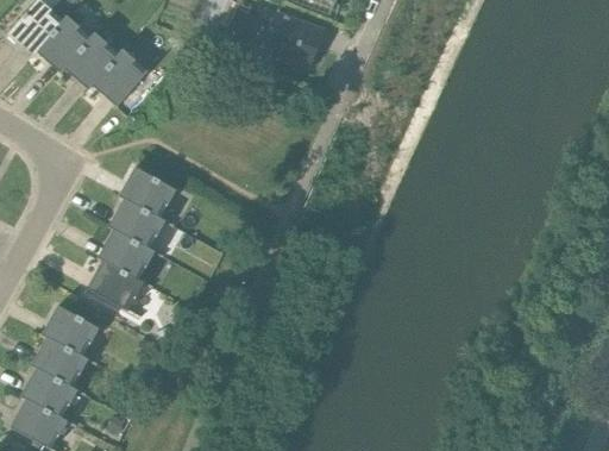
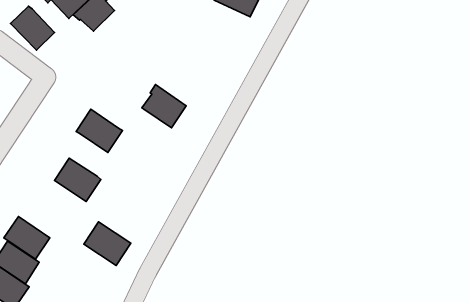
building: none -> [10,6,55,50]
building: [123,167,176,218] -> [142,85,186,128]
building: [99,228,155,278] -> none
building: [43,305,100,356] -> [84,222,131,265]

